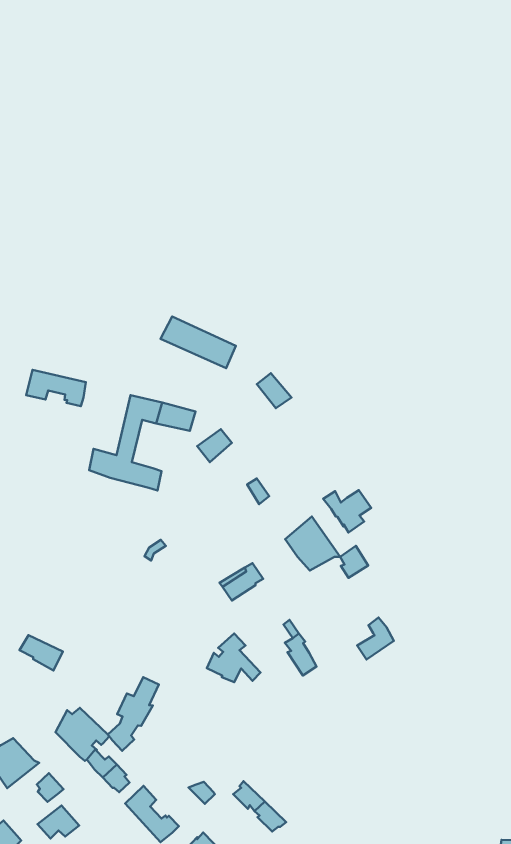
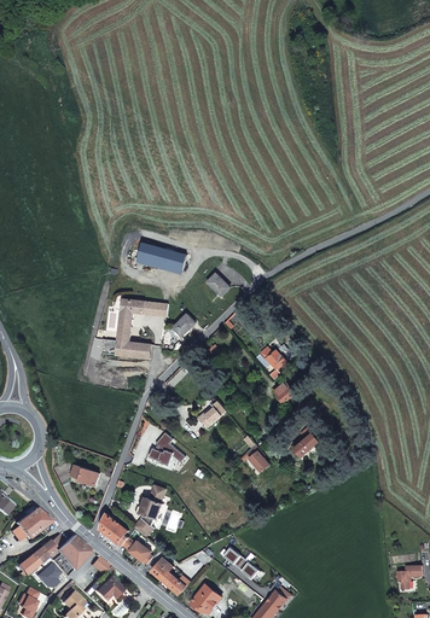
building: [26,370,86,406] -> none
building: [285,516,340,570] -> none
building: [207,633,261,682] -> [149,432,185,465]

